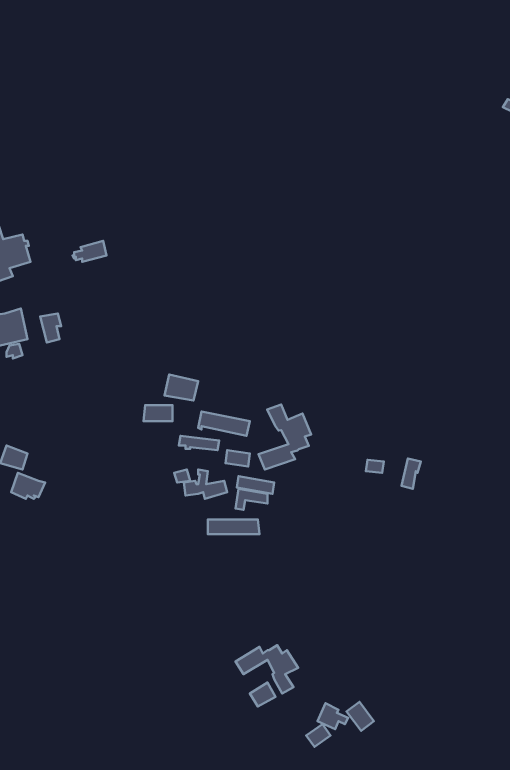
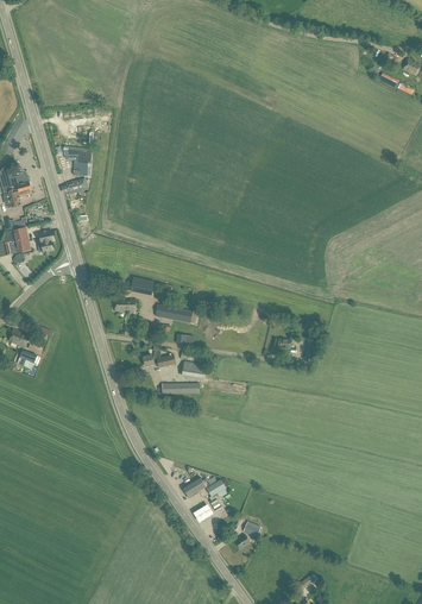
building: none -> [62,145,89,176]
building: [258,405,311,469] -> none

